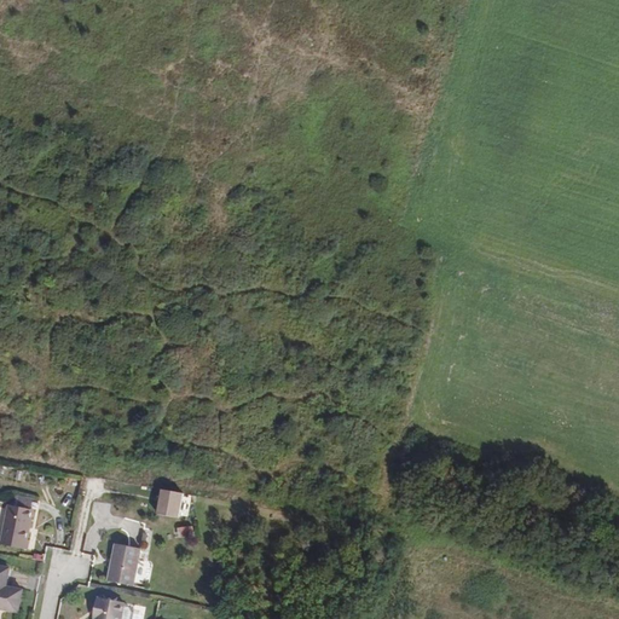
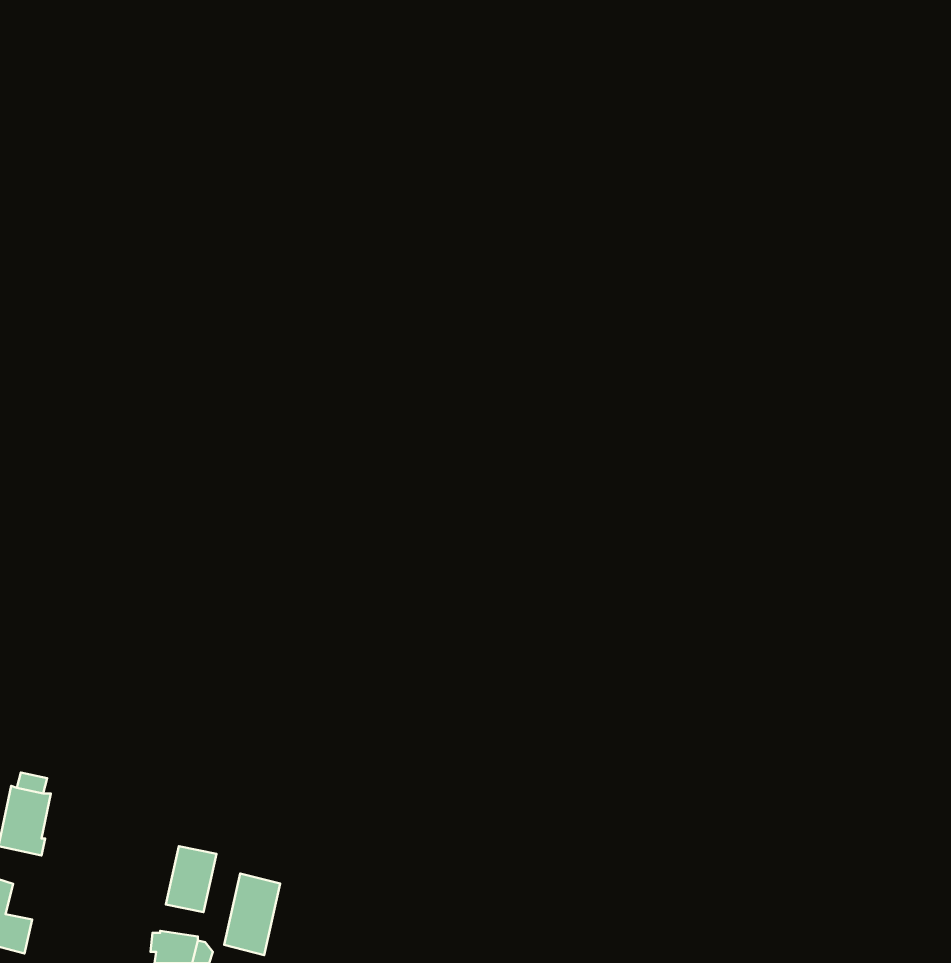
building: [151,488,179,517] -> none
building: none -> [224,873,280,955]

